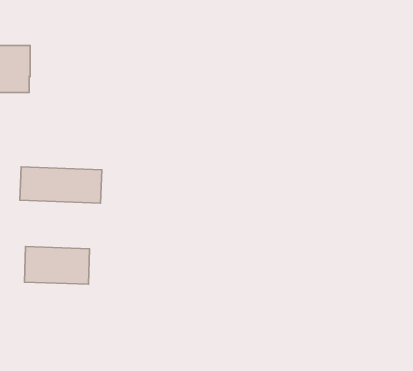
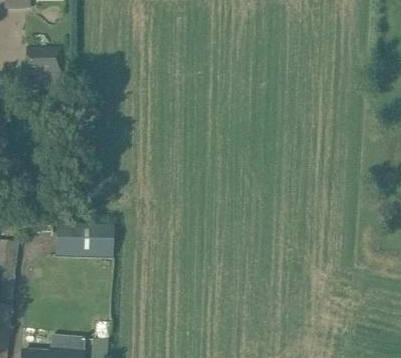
building: [20,167,102,203] -> none

